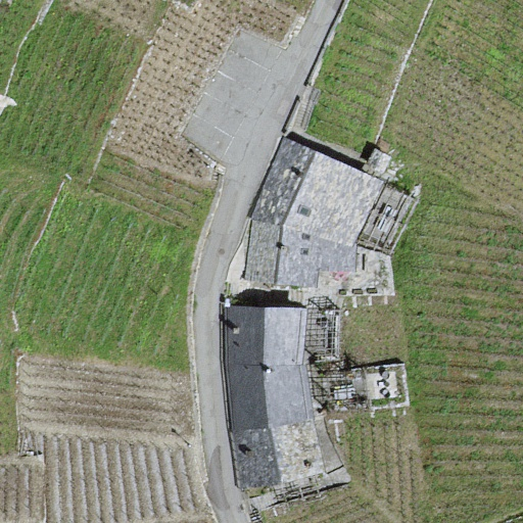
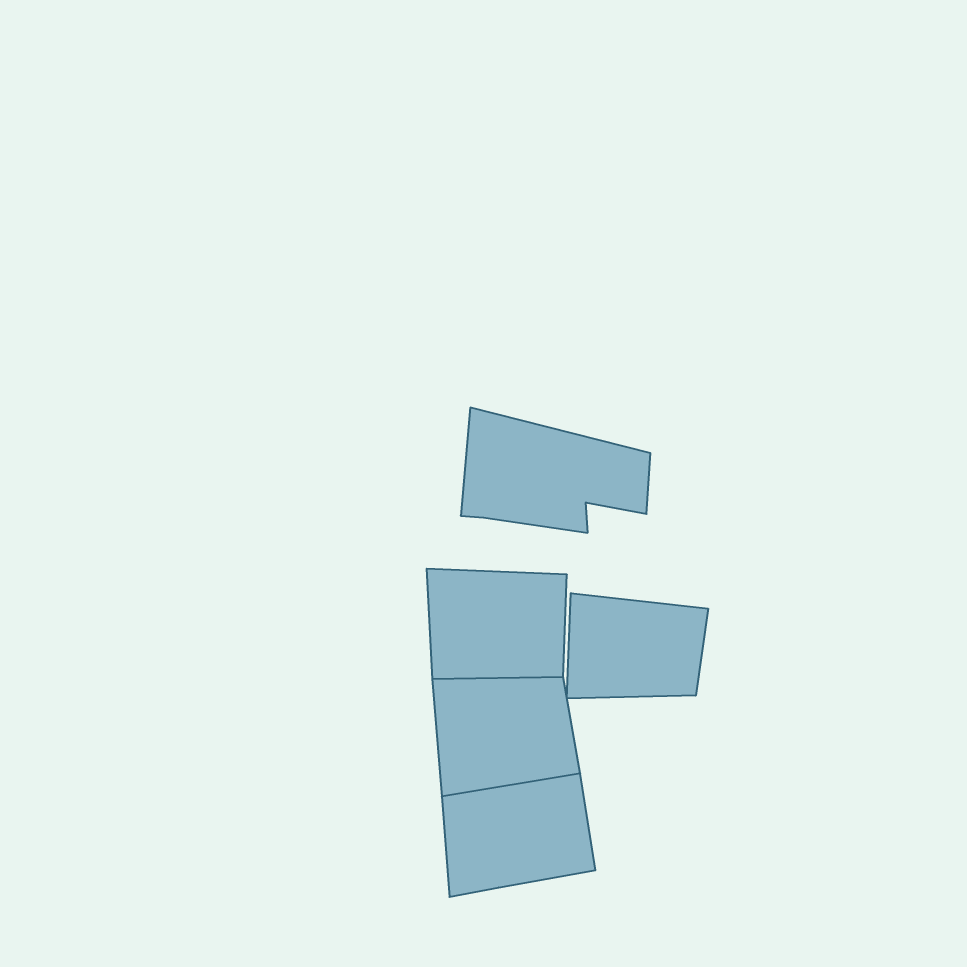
building: [253,140,378,244] -> none
building: none -> [567,593,708,699]

